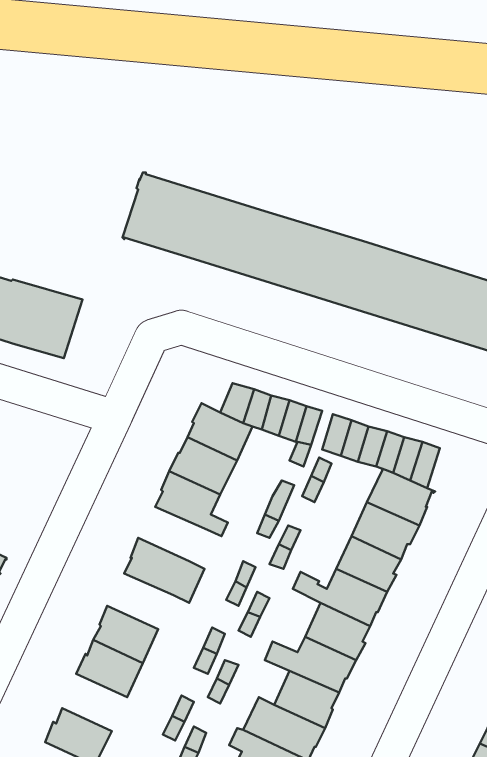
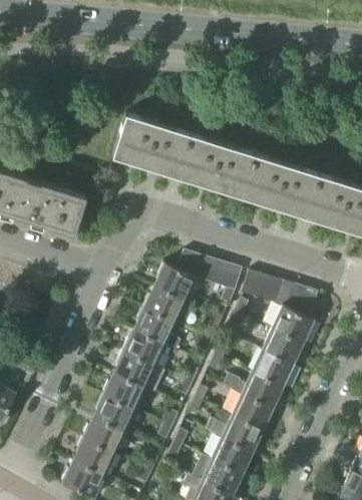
building: none -> [121,332,164,367]
building: none -> [101,375,144,411]
building: none -> [72,440,114,477]

